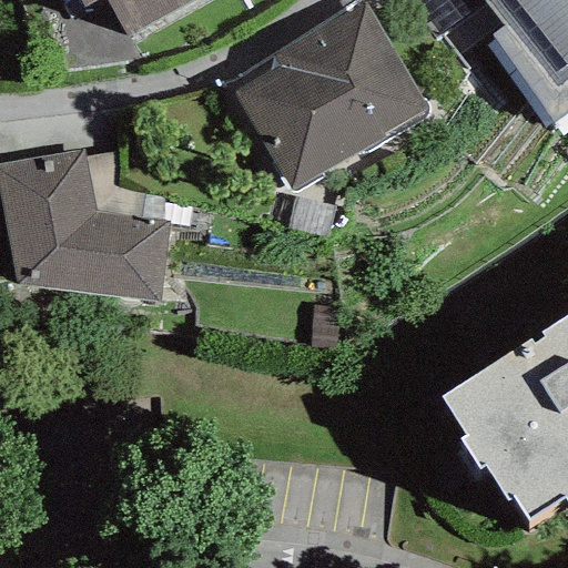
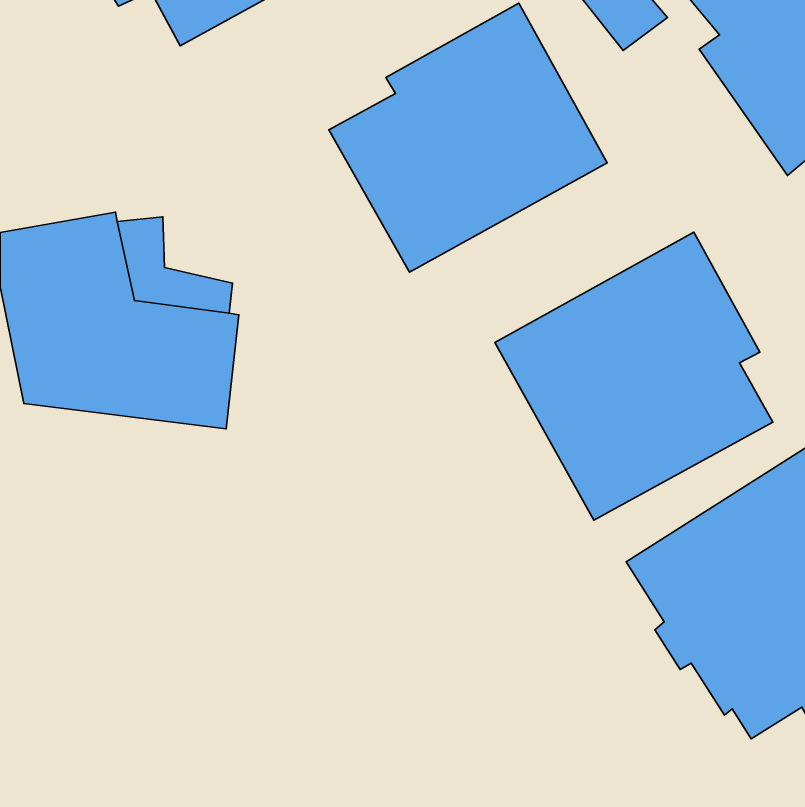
building: none -> [495,232,773,520]

